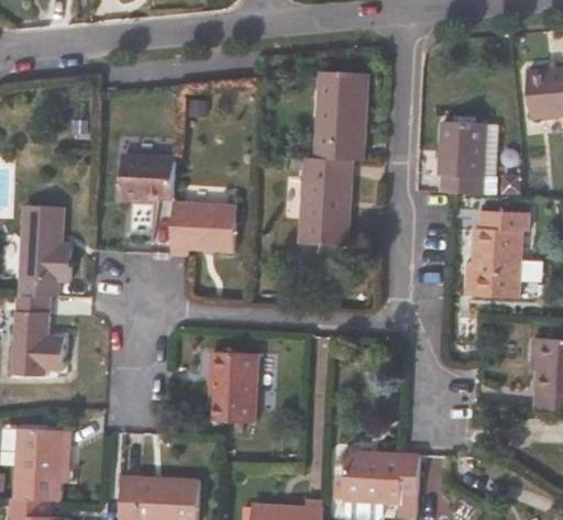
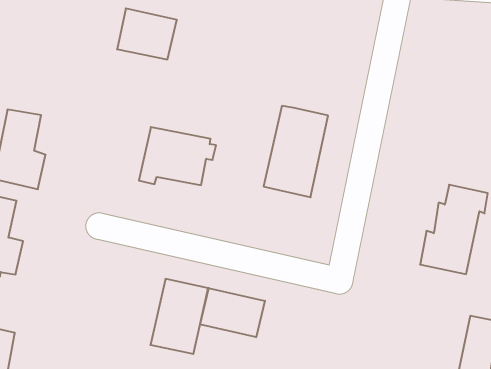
building: [316,71,367,158] -> none
building: [438,122,486,192] -> none
building: [121,154,177,199] -> [117,8,177,59]
building: none -> [200,288,265,337]

